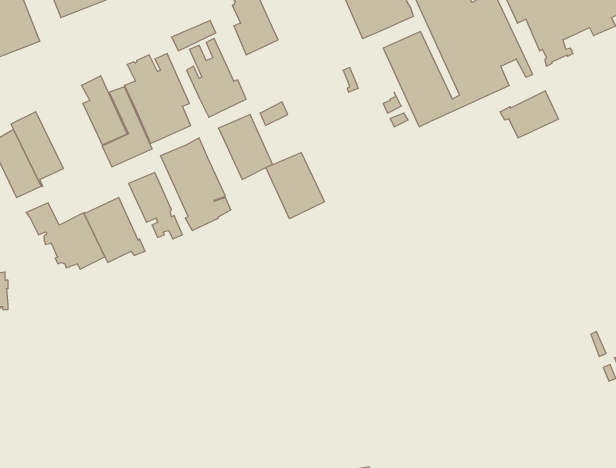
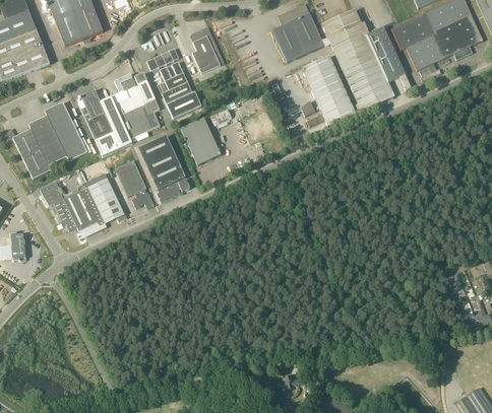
building: [500,91,558,138] -> none
building: none -> [45,101,87,160]
building: [266,153,325,219] -> none

